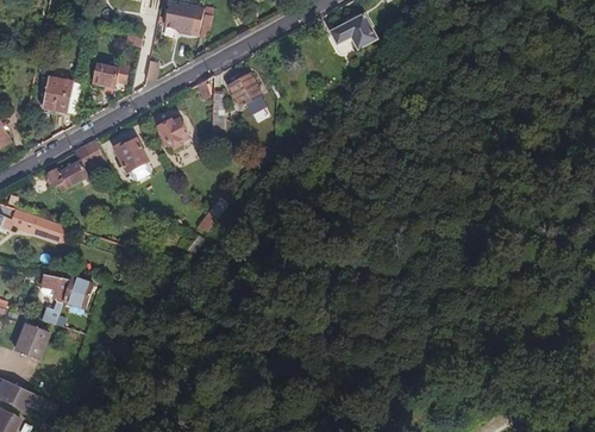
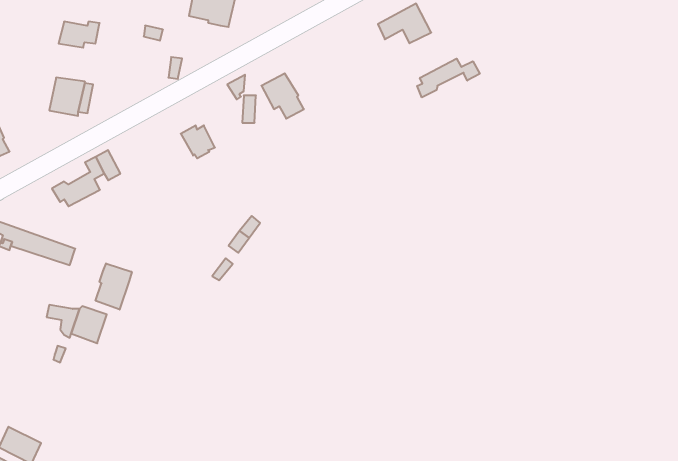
building: none -> [417,59,480,97]
building: [92,63,127,86] -> [59,22,100,48]
building: [113,138,149,181] -> none
building: none -> [96,263,132,310]
building: [14,324,45,359] -> none

